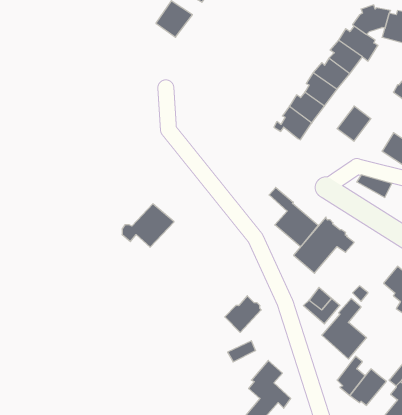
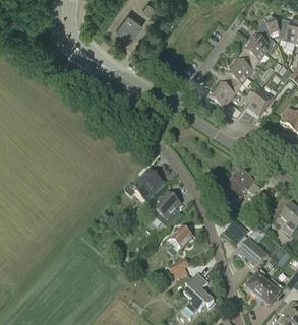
building: [269,187,318,247] -> none
building: [122,204,174,247] -> [125,169,163,200]
building: none -> [153,190,180,226]

